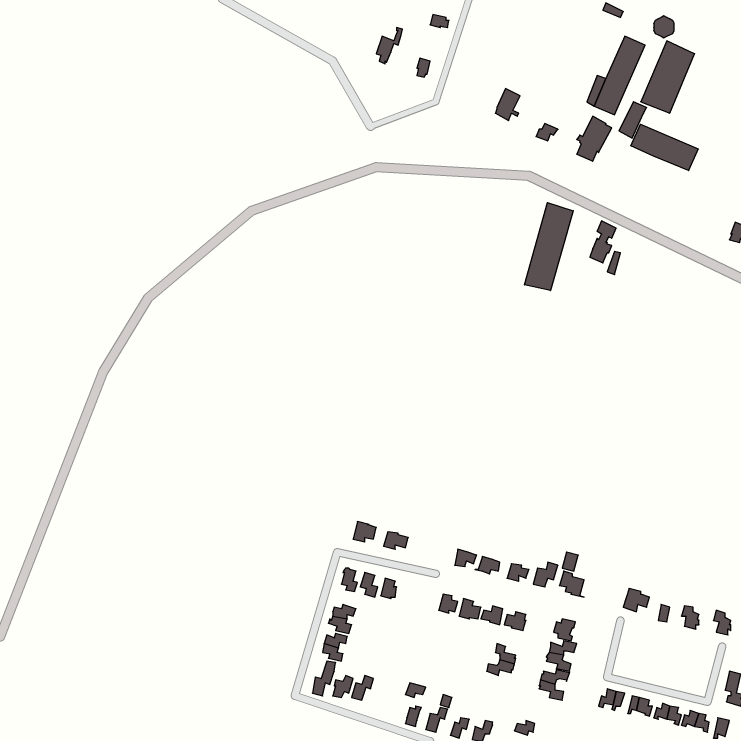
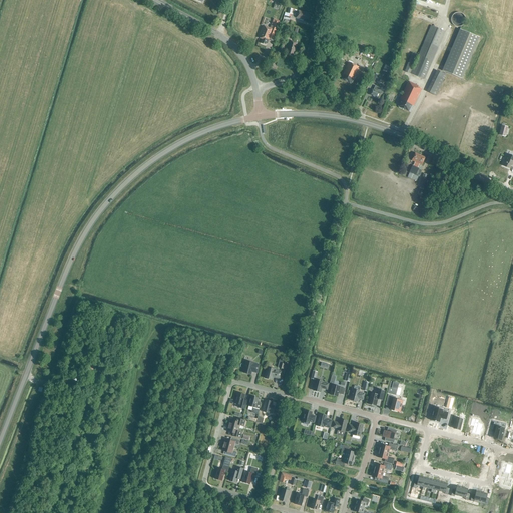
building: [631,124,698,171] -> none
building: [525,203,573,291] -> none

